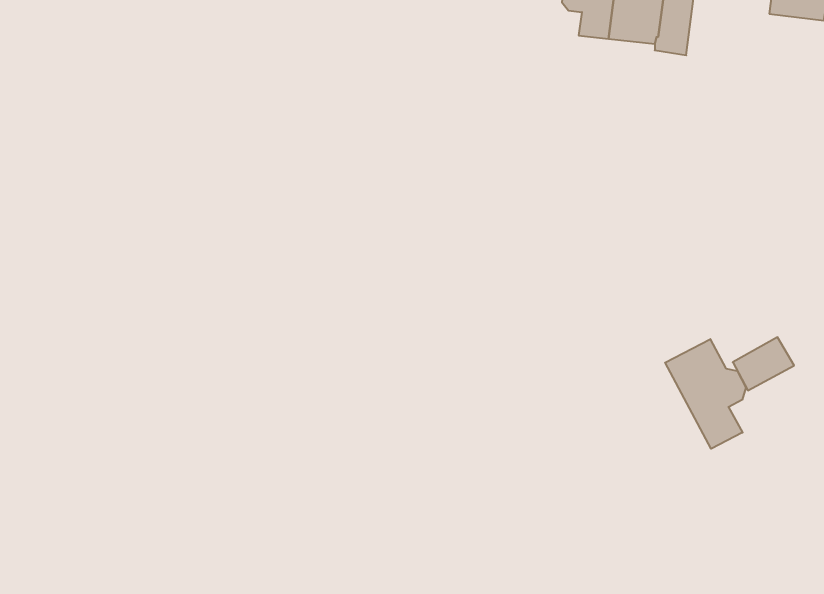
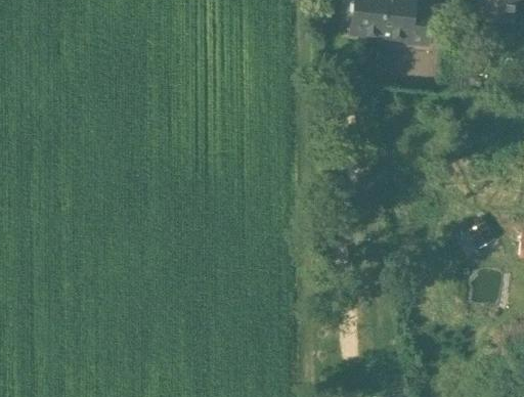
building: [665,339,746,449] -> none

